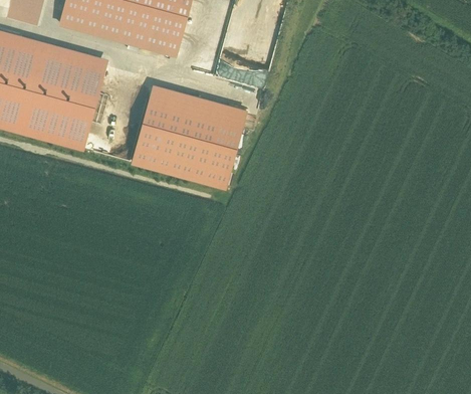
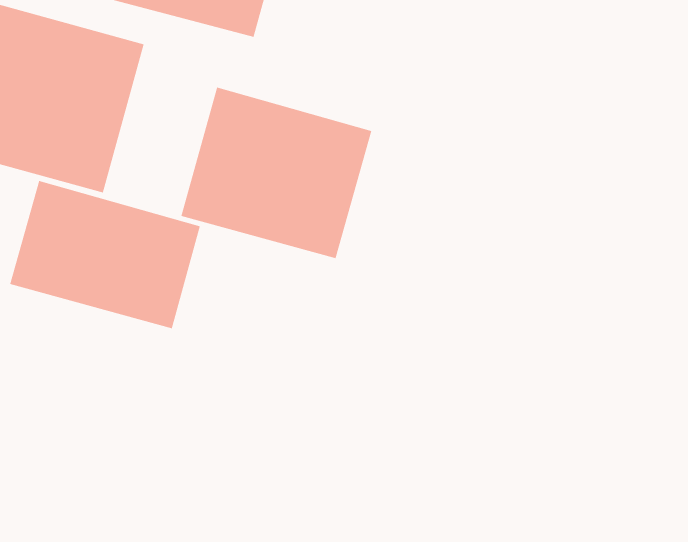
building: none -> [10,180,200,329]

